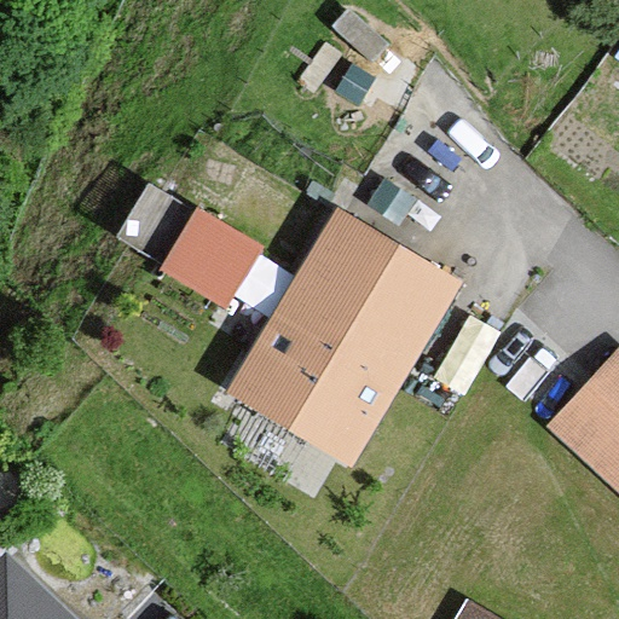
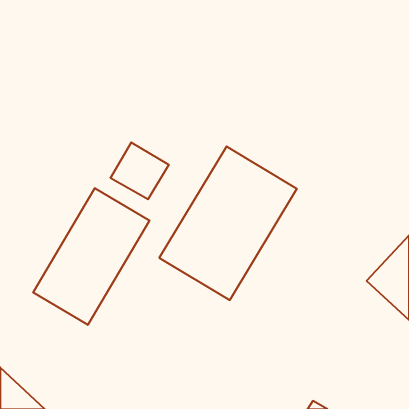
building: none -> [33,188,149,325]

